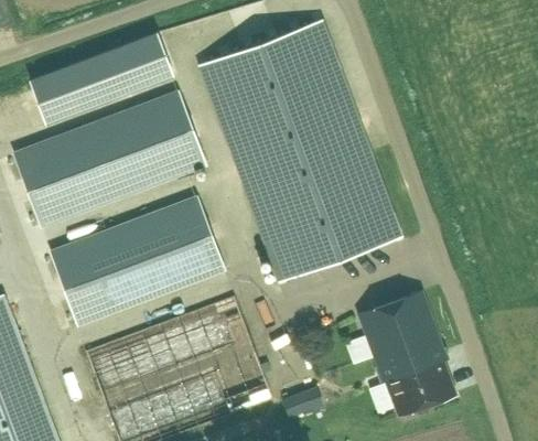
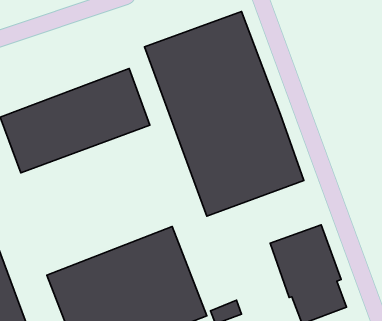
building: [30,32,173,123] -> none
building: [51,197,224,324] -> none

